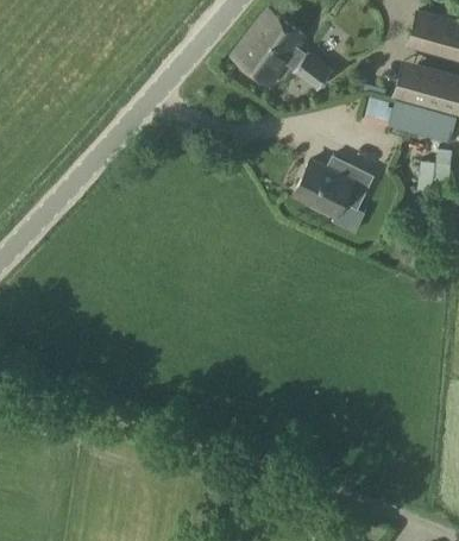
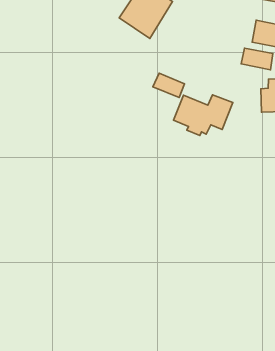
building: [294,52,333,90] -> none
building: none -> [153,73,184,97]

